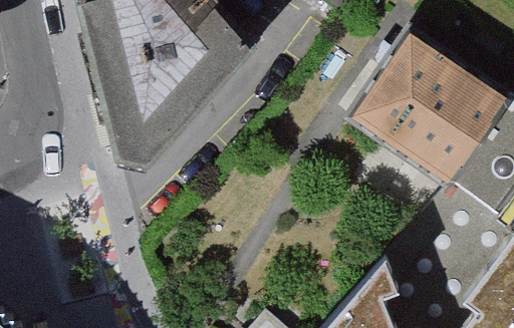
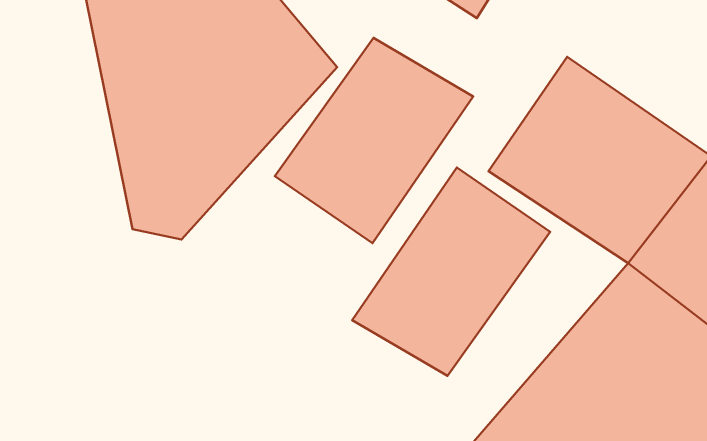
building: none -> [275,38,473,243]
building: none -> [352,168,550,376]

